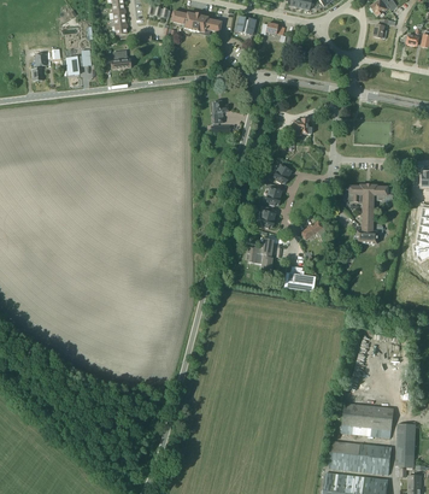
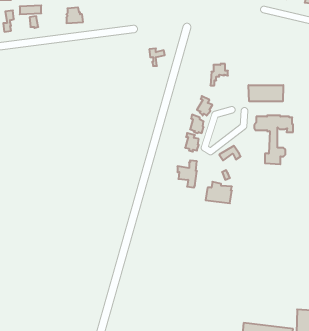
building: none -> [249,85,283,101]
building: [341,402,394,437] -> none

